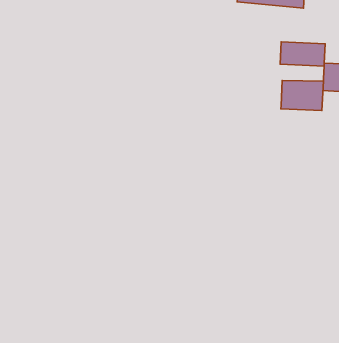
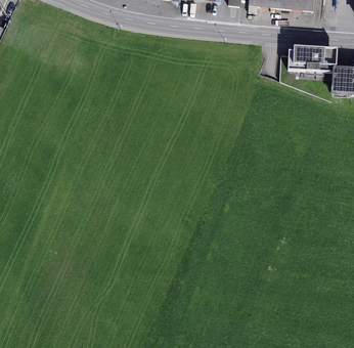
building: [281,80,323,111] -> none

